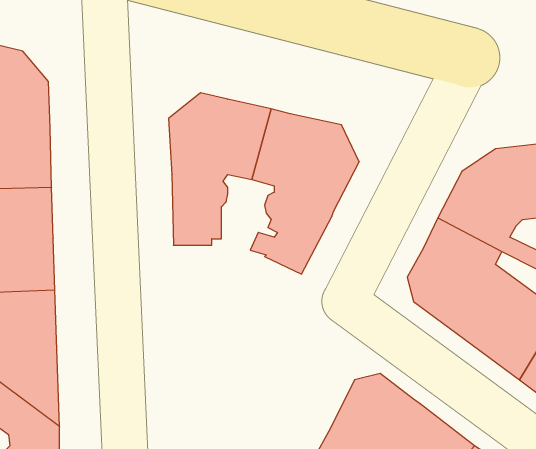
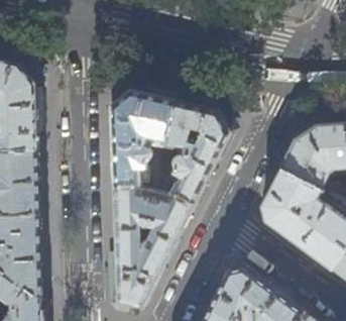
building: none -> [112,188,193,310]

